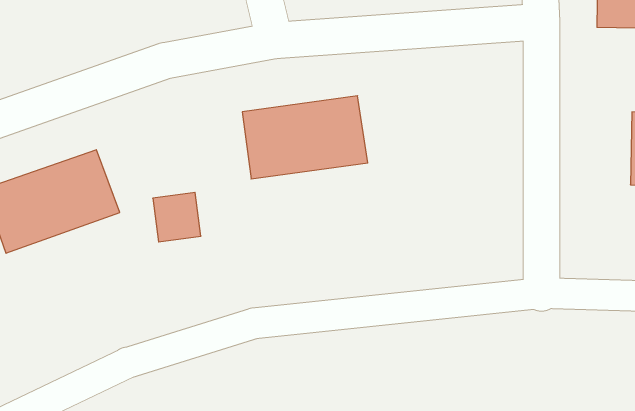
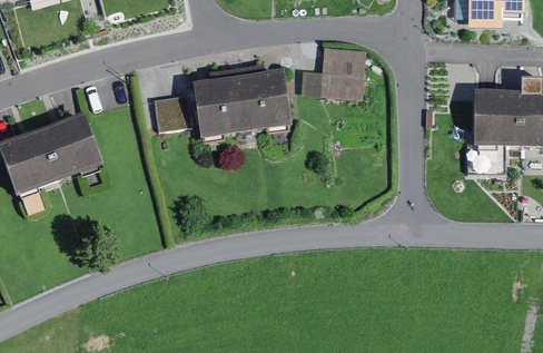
building: none -> [316,46,359,98]
building: [153,192,201,242] -> [151,95,188,133]

